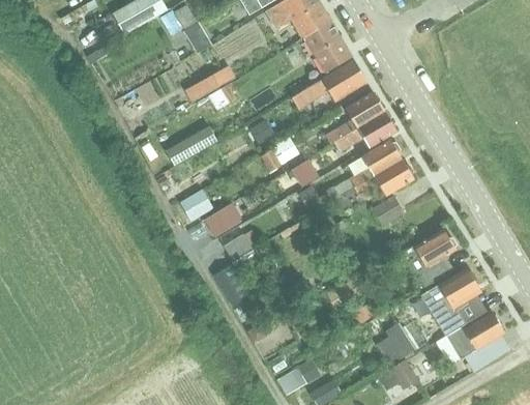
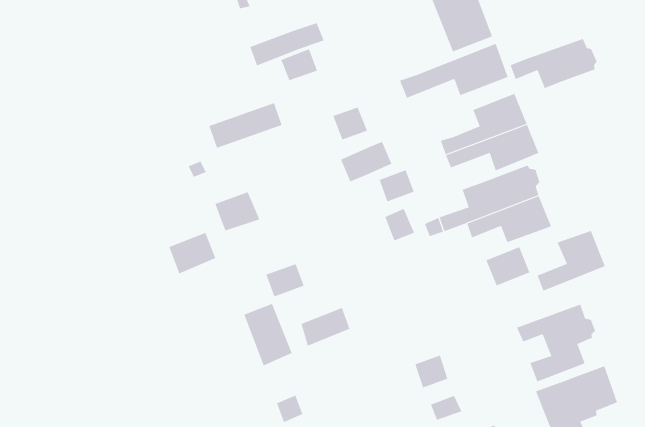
building: none -> [510,38,597,89]
building: none -> [537,230,605,292]
building: [208,205,242,237] -> [168,232,216,274]
building: none -> [301,307,350,347]

